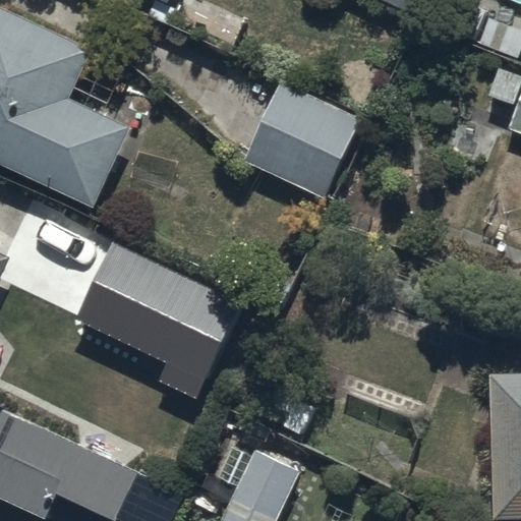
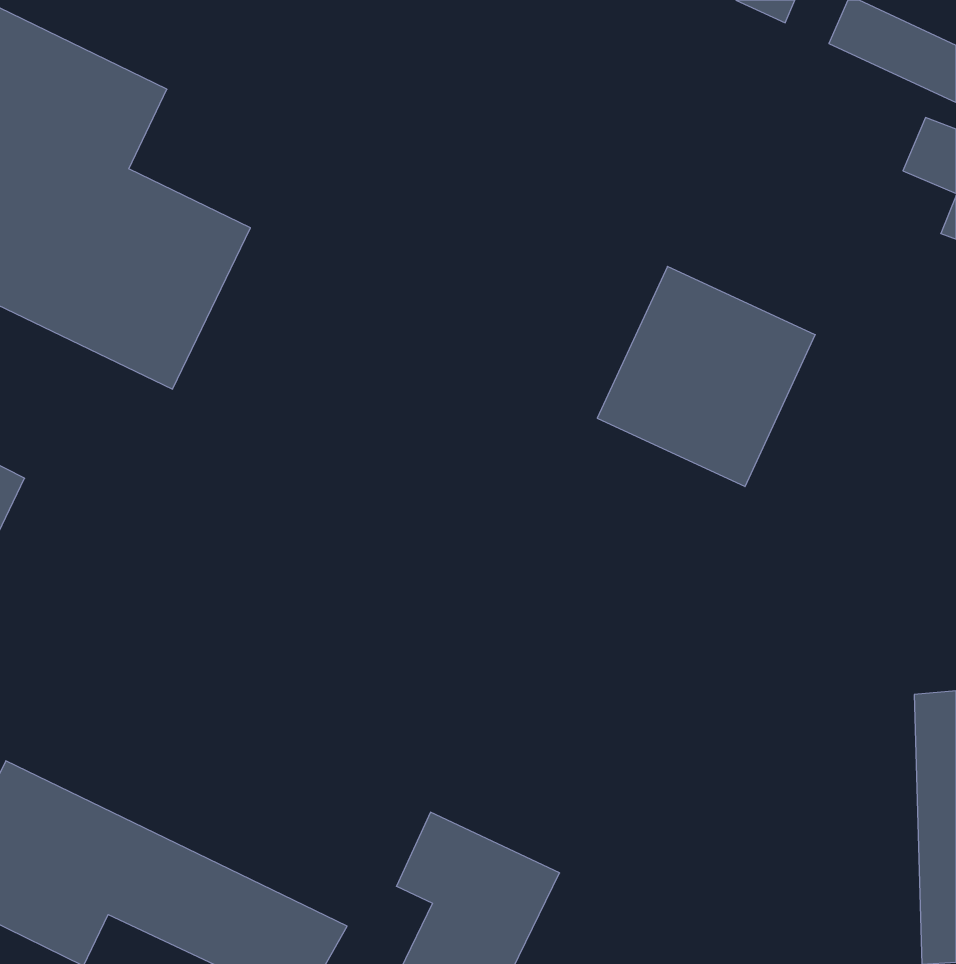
building: [245,80,362,198] -> [597,266,815,487]
building: [74,240,239,395] -> none

